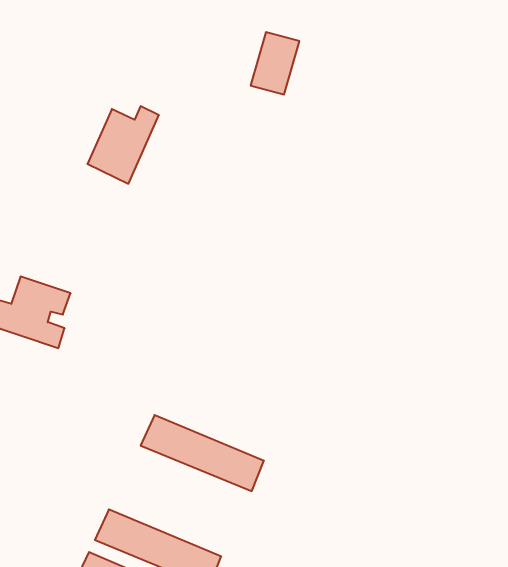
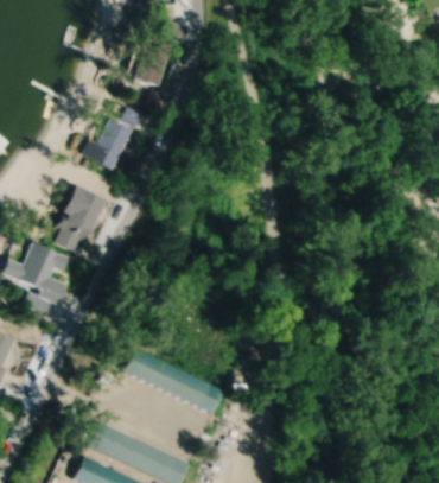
building: [251,32,299,95] -> [132,39,170,88]
building: none -> [55,186,102,254]

